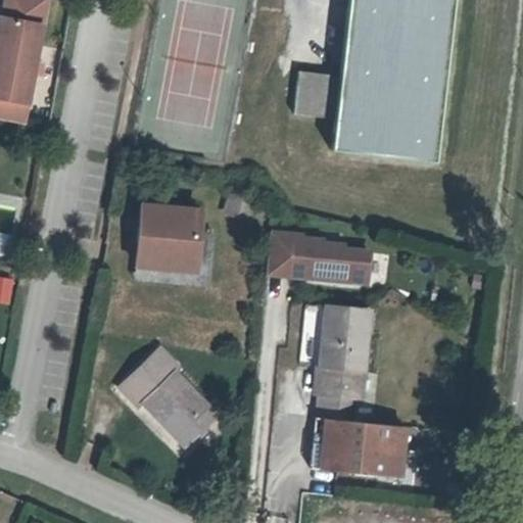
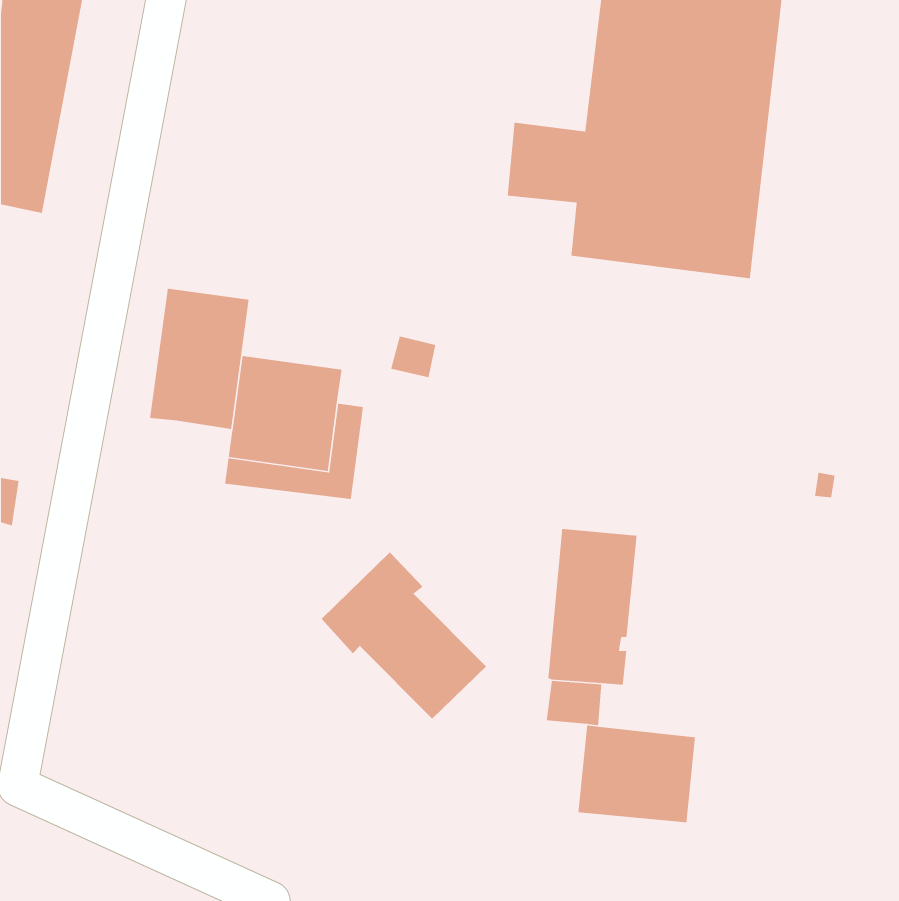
building: none -> [149,288,249,430]
building: [267,232,371,281] -> none
building: [122,347,218,444] -> [321,552,487,719]
building: [311,417,341,470] -> none

